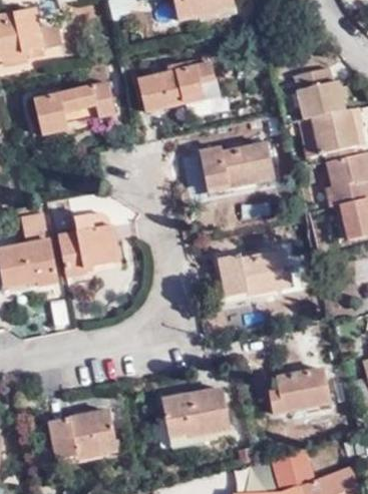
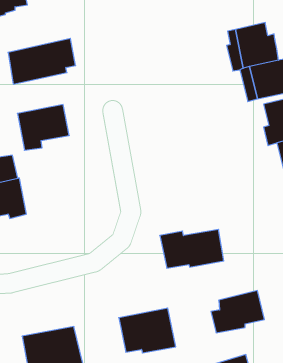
building: [136,65,213,117] -> none
building: [199,142,273,187] -> none
building: [58,225,117,278] -> [17,105,69,150]
building: [221,248,294,292] -> [160,229,224,268]

